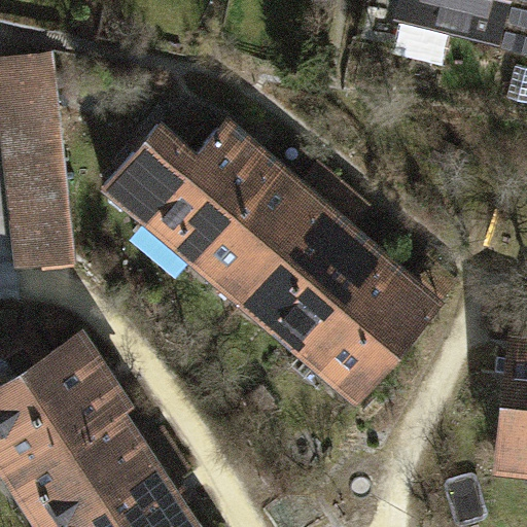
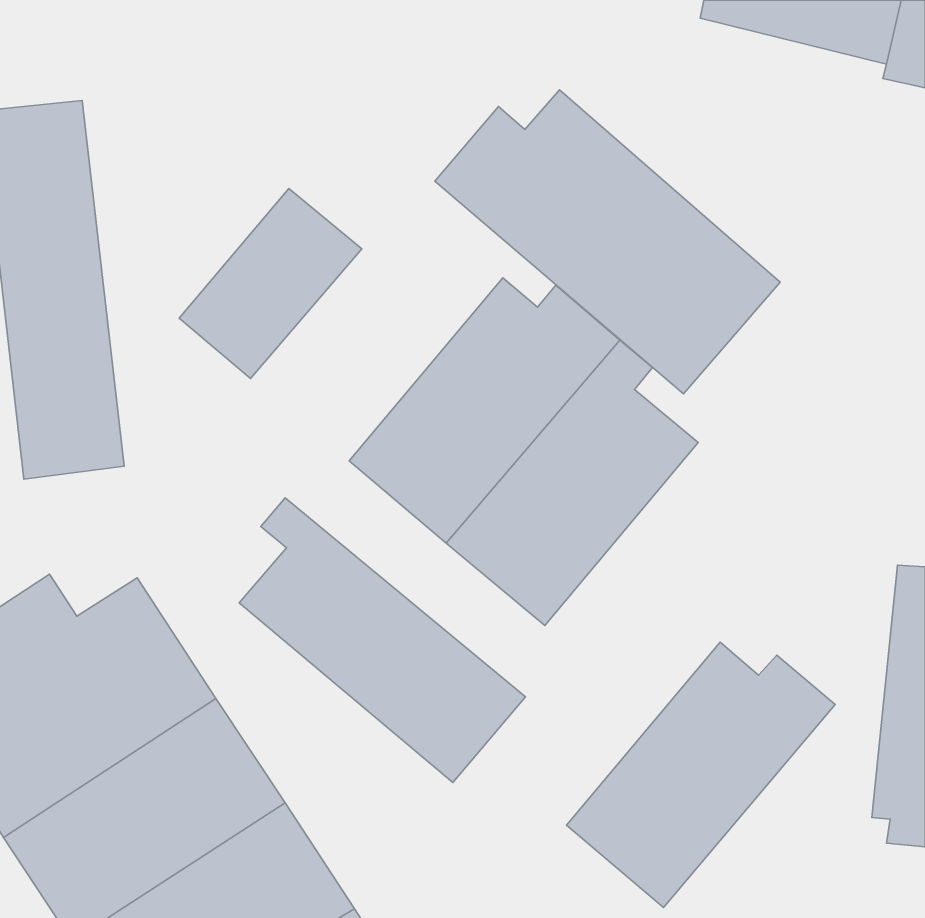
building: none -> [435,90,780,394]
building: [141,120,283,269] -> none
building: [307,258,458,408] -> [566,642,835,907]
building: none -> [239,498,525,782]

